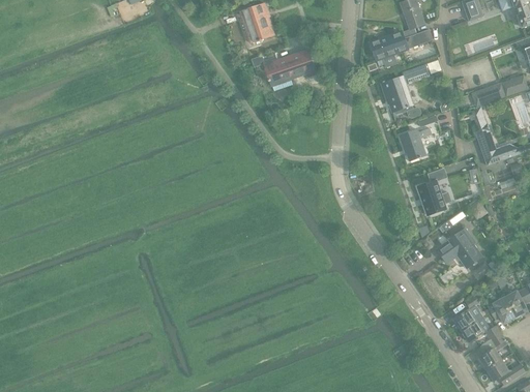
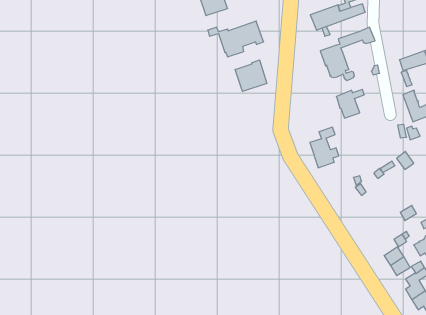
building: none -> [235,60,267,91]
building: [417,168,450,214] -> [310,127,339,168]
building: [436,228,482,268] -> none

